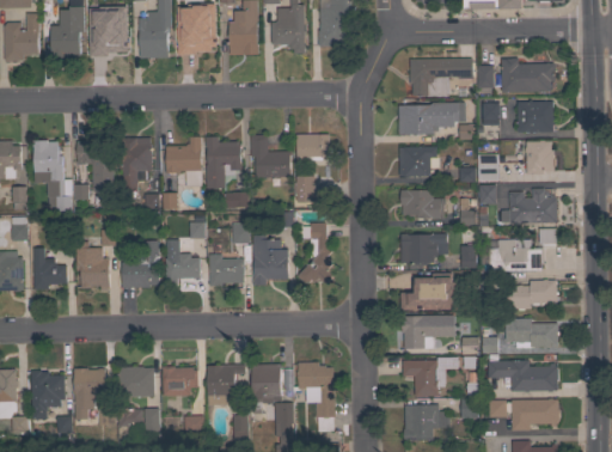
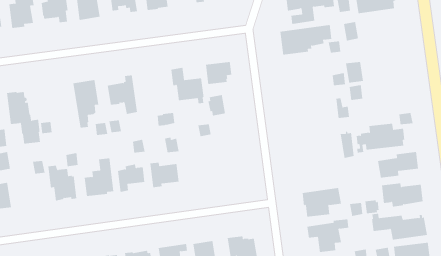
building: [516,100,553,132] -> none
building: [204,136,243,188] -> none
building: [76,139,114,190] -> none
building: [525,141,553,175] -> none
building: [398,146,437,176] -> none
building: [508,188,556,222] -> none
building: [399,190,442,218] -> none
building: [298,222,331,283] -> none
building: [399,233,446,264] -> none
building: [252,234,288,285] -> none
building: [32,250,66,289] -> none
building: [399,273,454,310] -> none

